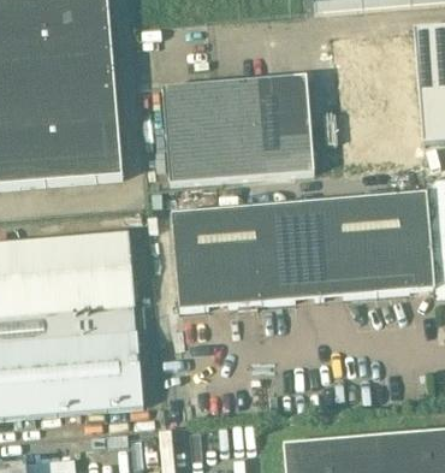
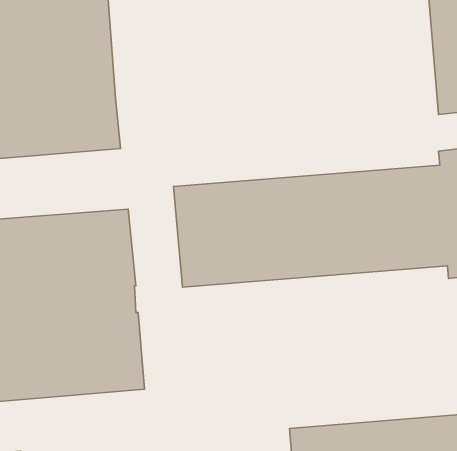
building: [164,76,315,184] -> none

